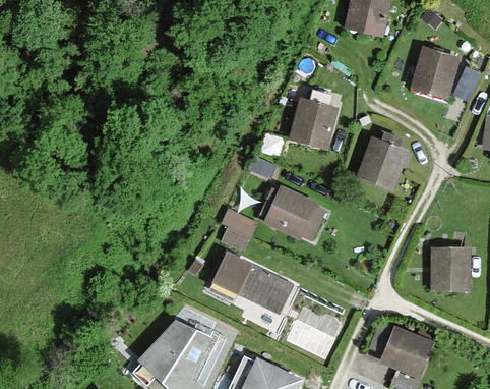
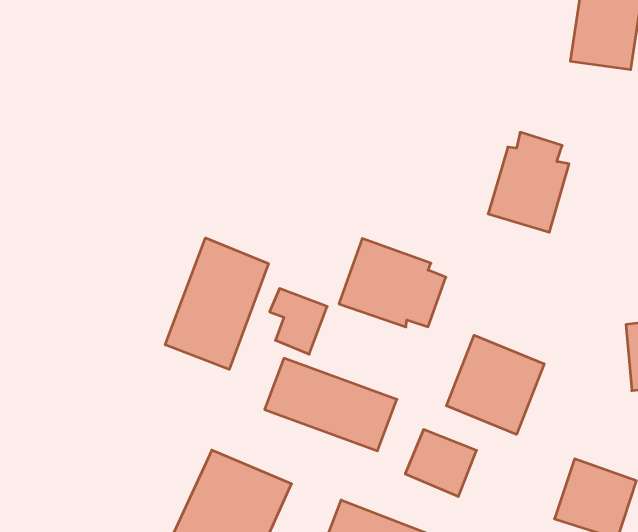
building: [289,93,338,150] -> none
building: none -> [165,238,268,369]
building: none -> [446,335,544,434]

